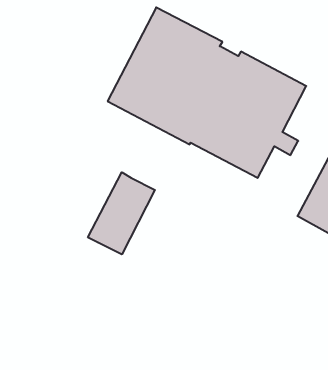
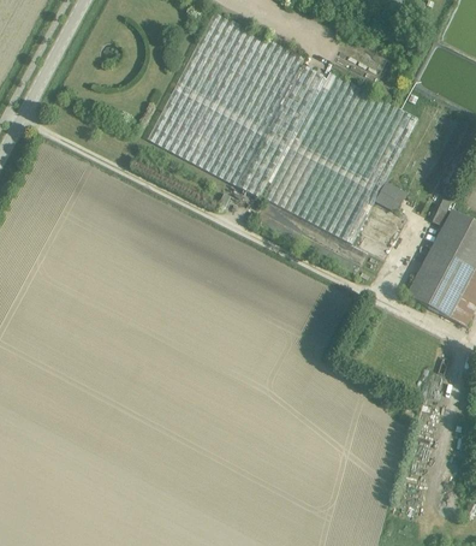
building: [88,172,155,254] -> none

